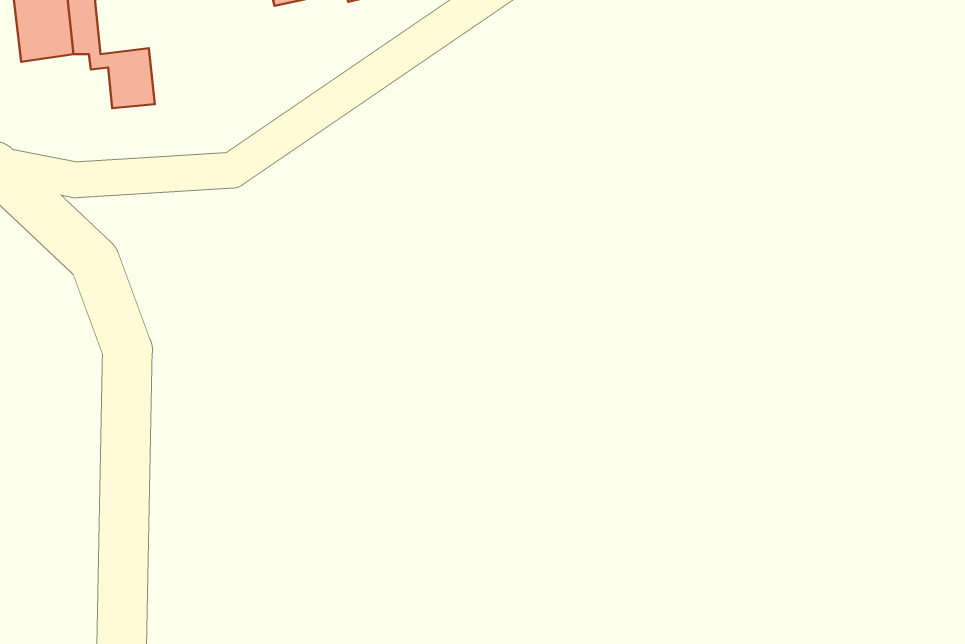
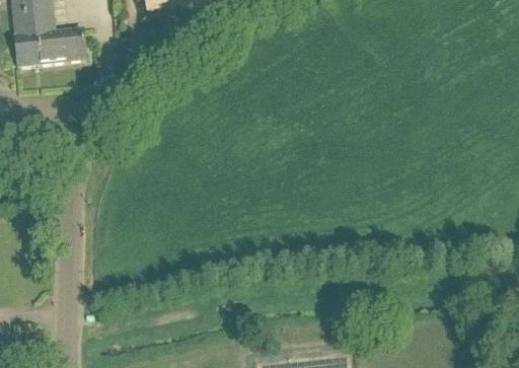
building: none -> [13,30,61,64]

